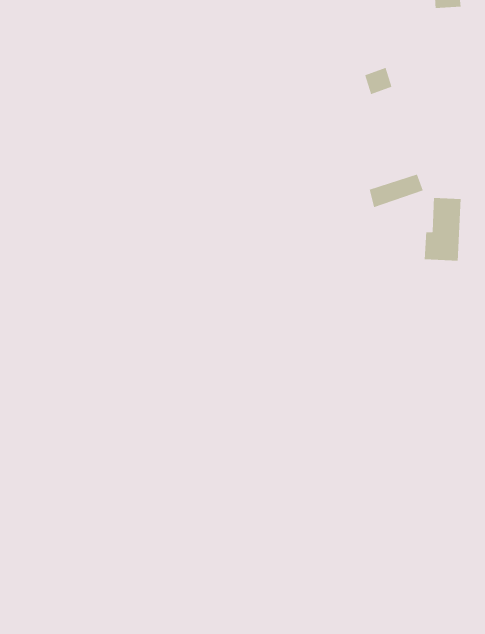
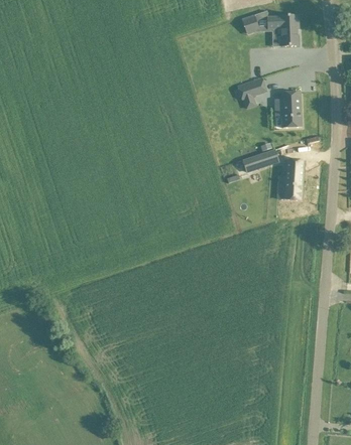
building: none -> [275,96,303,132]

